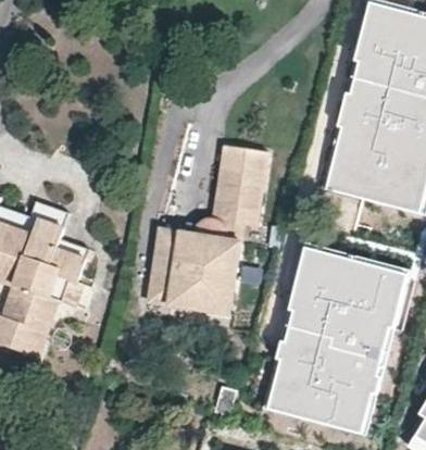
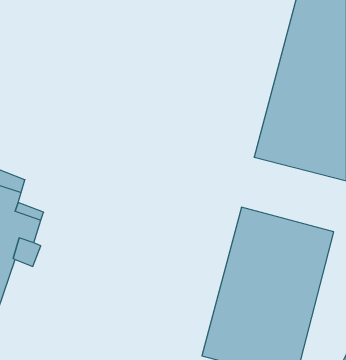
building: [150,145,271,314] -> none

